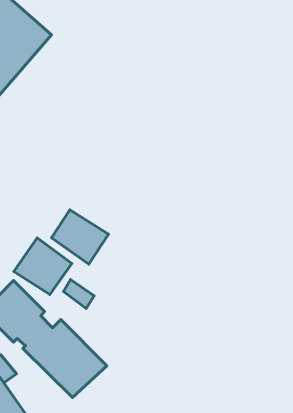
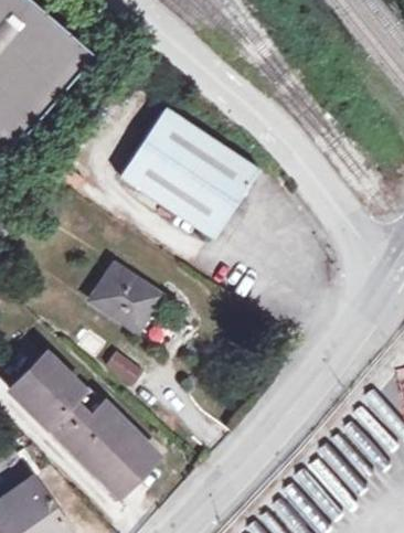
building: none -> [119,106,257,236]
building: [14,238,72,295] -> none

